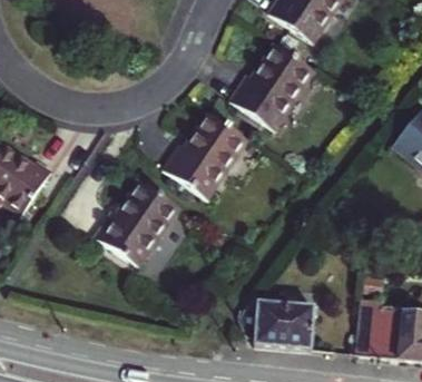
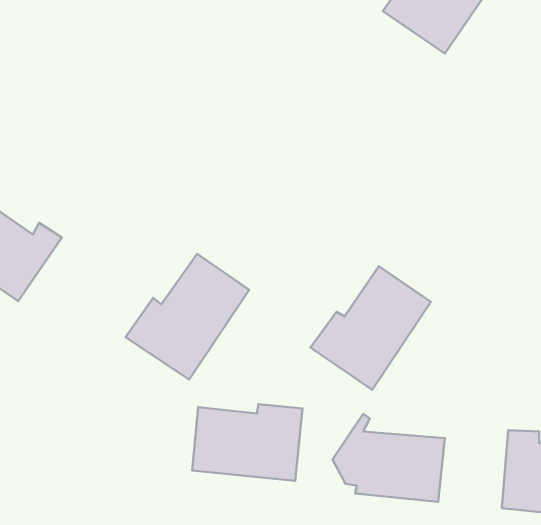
building: [232,42,314,126] -> none
building: [165,110,247,195] -> [310,266,431,390]
building: none -> [192,404,303,481]

